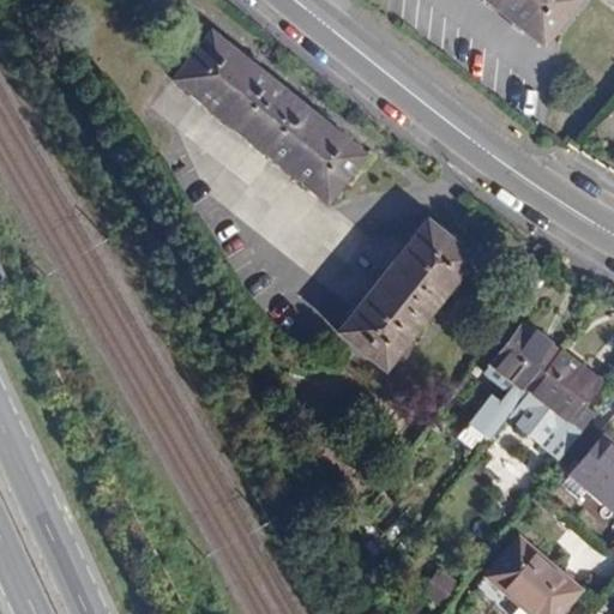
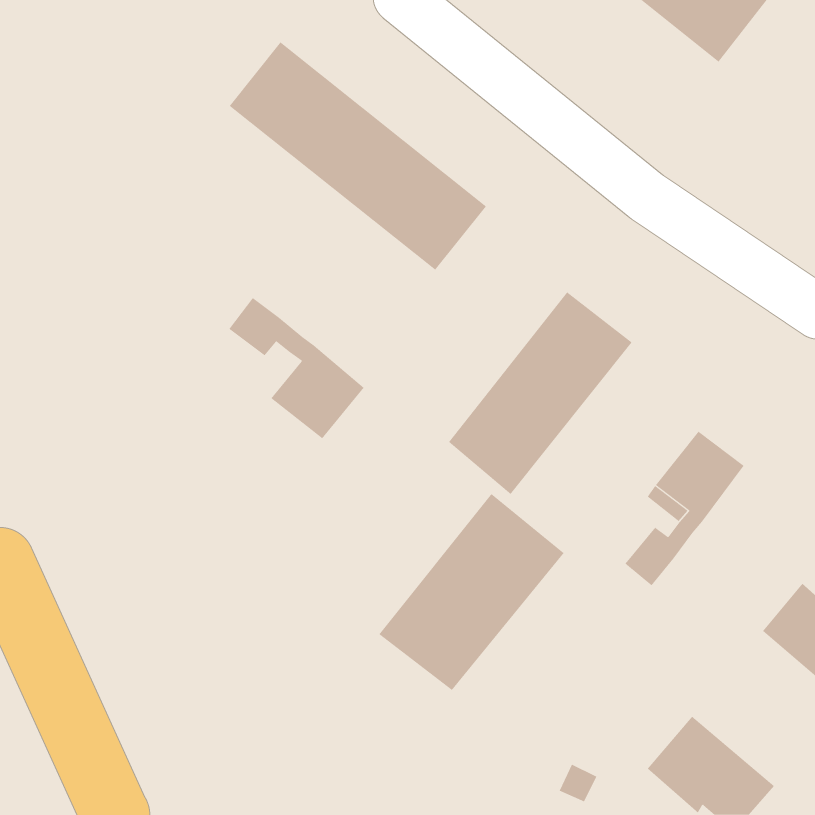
building: none -> [228,297,364,439]
building: [507,349,601,459] -> none
building: none -> [378,493,565,691]

